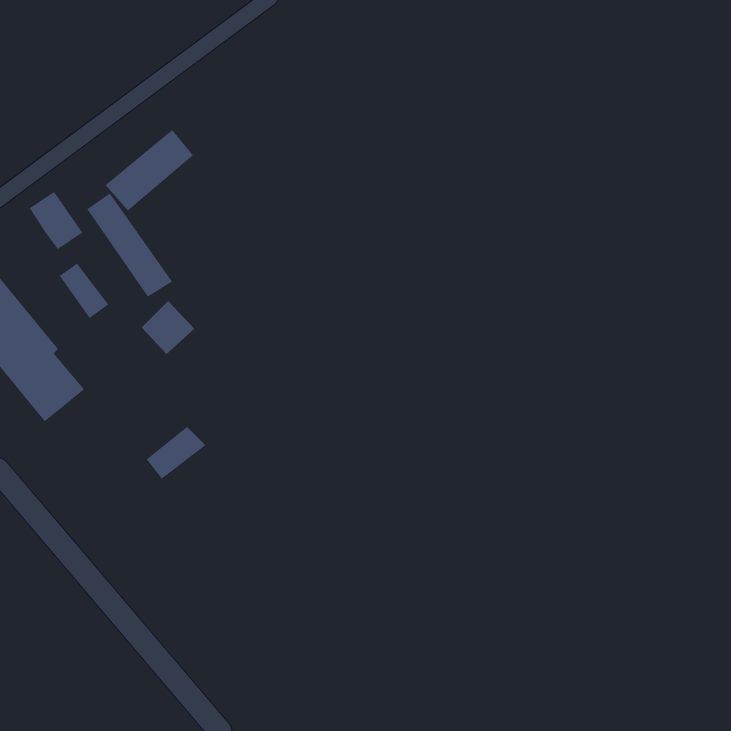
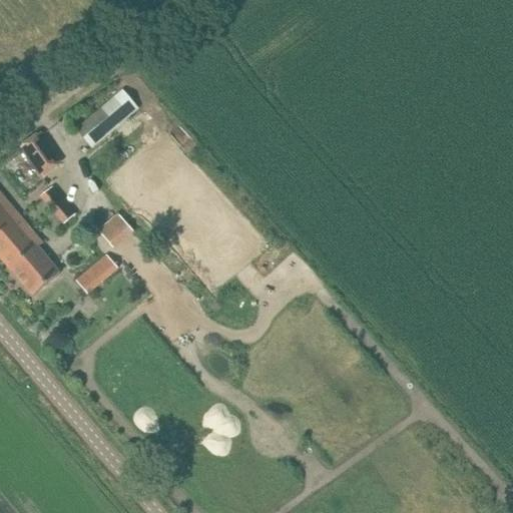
building: [86,192,173,298] -> none
building: [146,426,206,479] -> [74,256,116,294]

